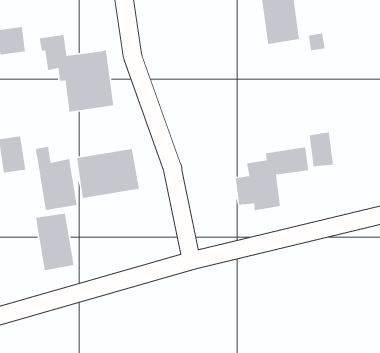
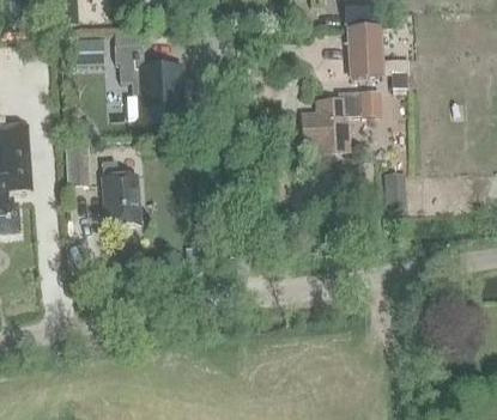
building: [235,147,309,211] -> [304,90,381,151]
building: [76,148,140,199] -> none
building: [35,213,74,271] -> none

